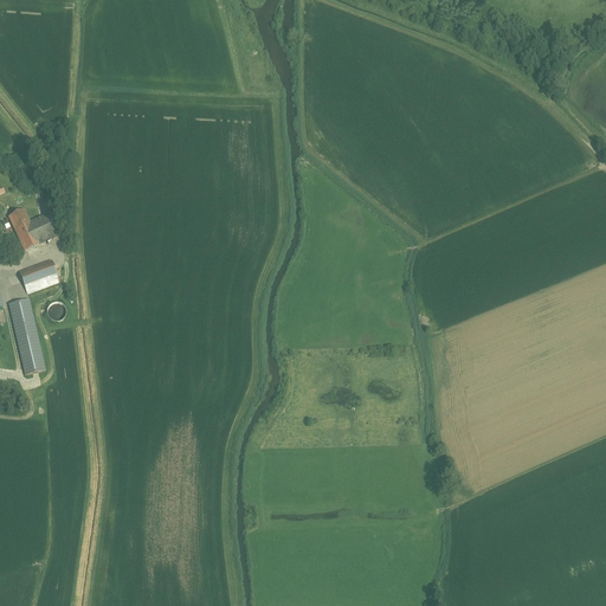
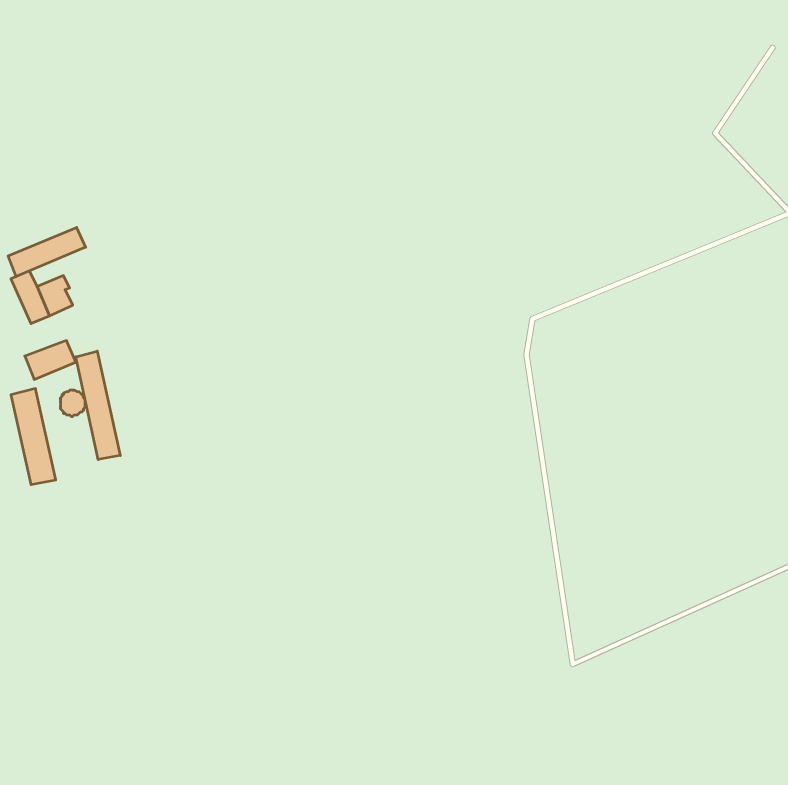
building: none -> [8,227,86,277]
building: none -> [76,351,120,460]

